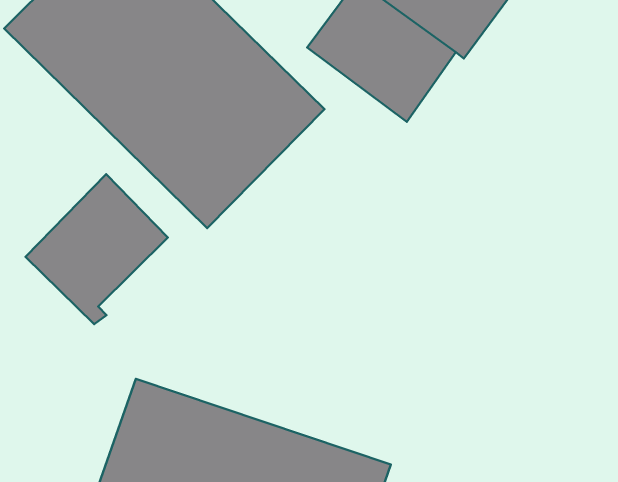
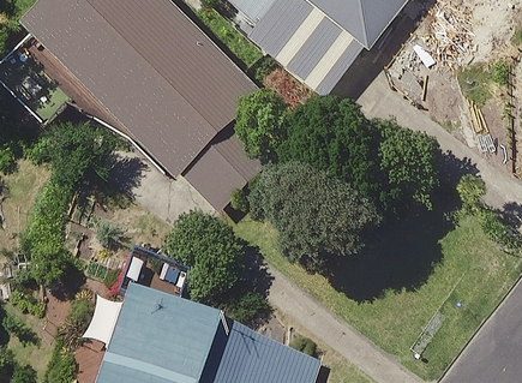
building: [26,174,168,324] -> none

